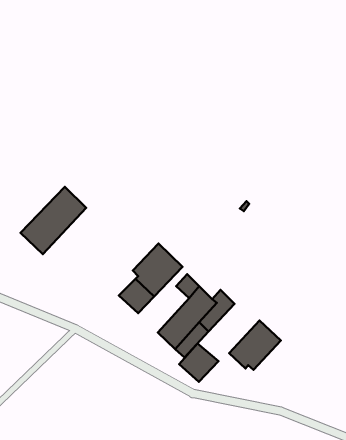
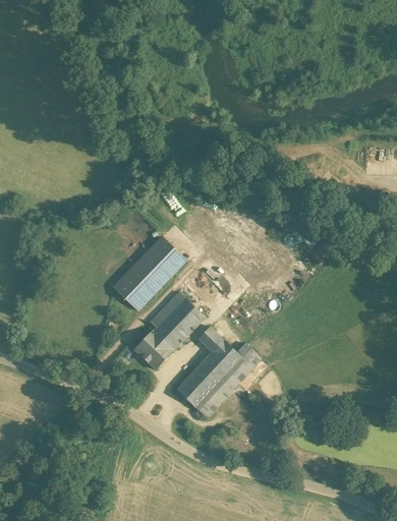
building: [21,187,86,254] -> [112,236,184,310]
building: [229,320,281,370] -> none
building: [179,343,218,382] -> none

